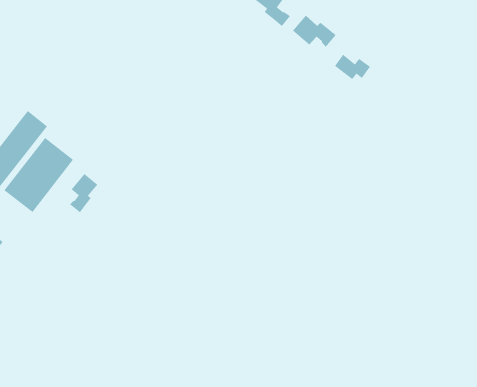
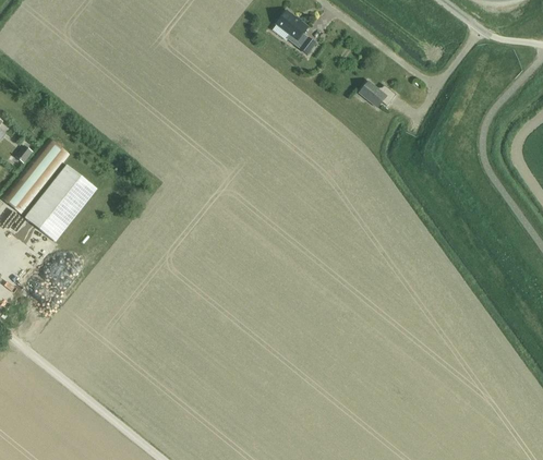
building: [292,15,336,48] -> none
building: [69,173,98,213] -> none

